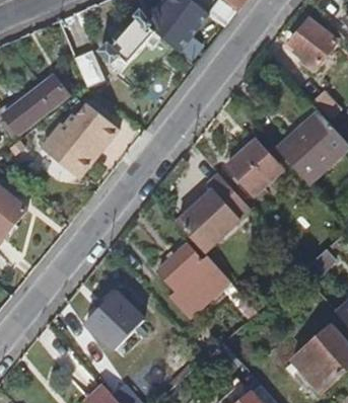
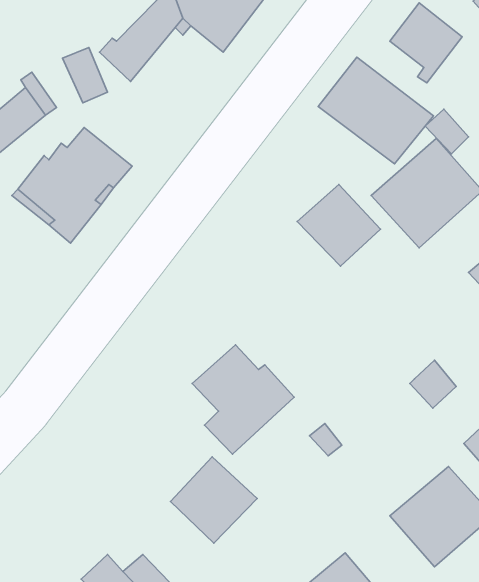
building: none -> [318,57,433,164]
building: [173,170,249,250] -> none
building: [87,295,144,351] -> [171,457,257,543]

